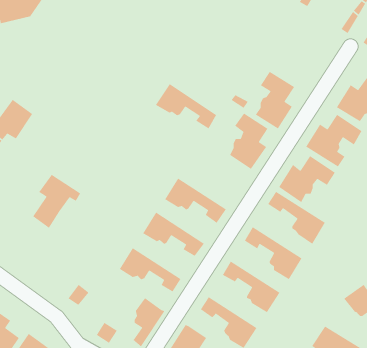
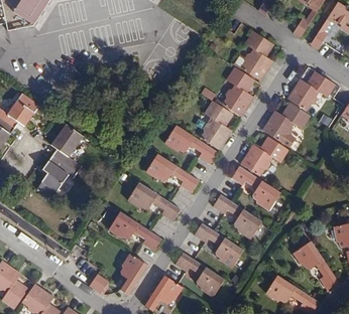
building: none -> [232,31,273,80]
building: [155,83,217,130] -> [164,126,216,164]
building: none -> [50,121,84,168]

